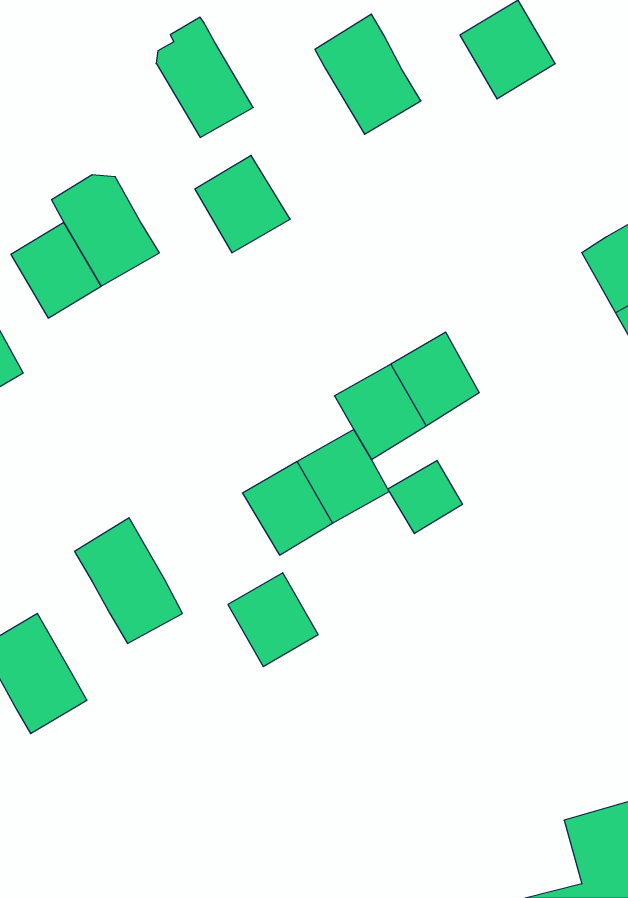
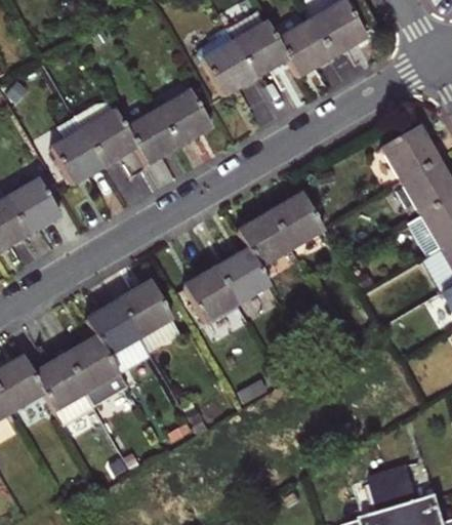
building: [156,17,253,137] -> [199,26,255,95]
building: none -> [277,21,332,77]
building: none -> [125,110,178,165]
building: [388,460,462,534] -> none
building: [228,573,318,666] -> [119,282,171,336]
building: none -> [66,337,118,392]

